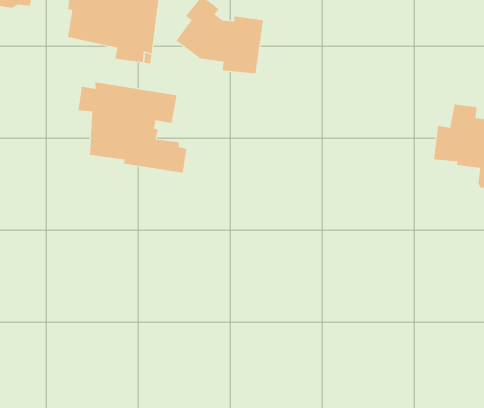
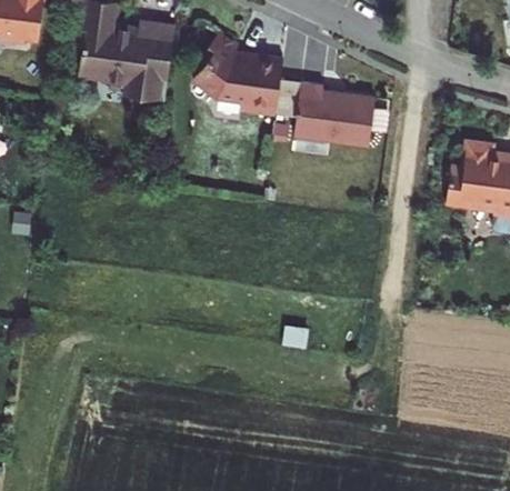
building: none -> [290,82,372,147]
building: [78,82,187,173] -> none

